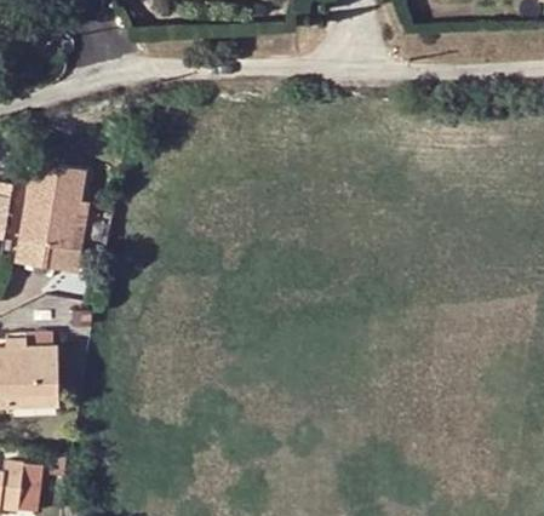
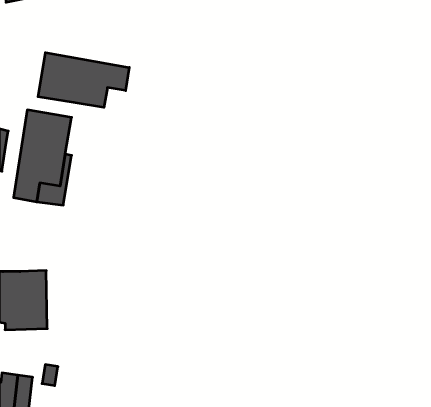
building: none -> [38,53,129,107]

